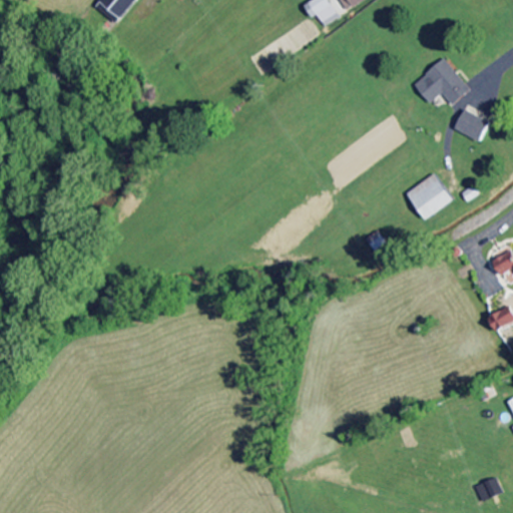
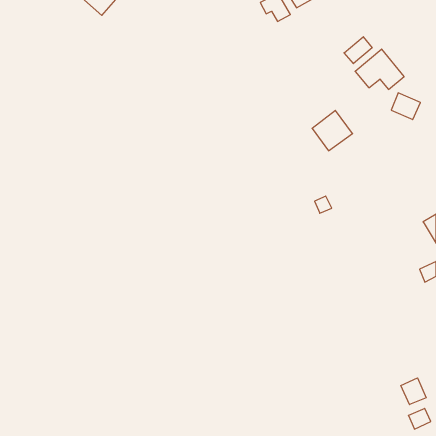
building: none -> [344,37,372,64]
building: [406,172,453,219] -> [312,110,353,151]
building: none -> [401,378,426,405]

